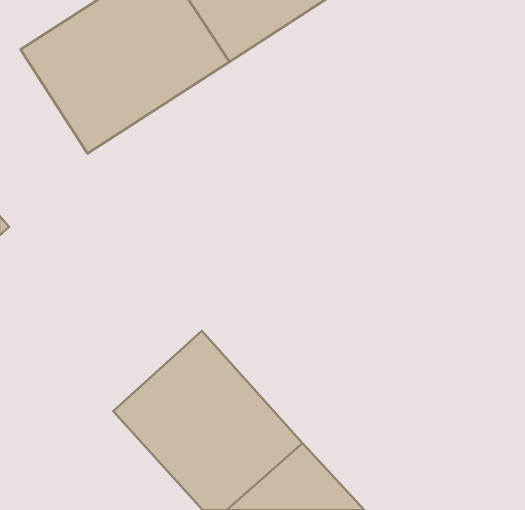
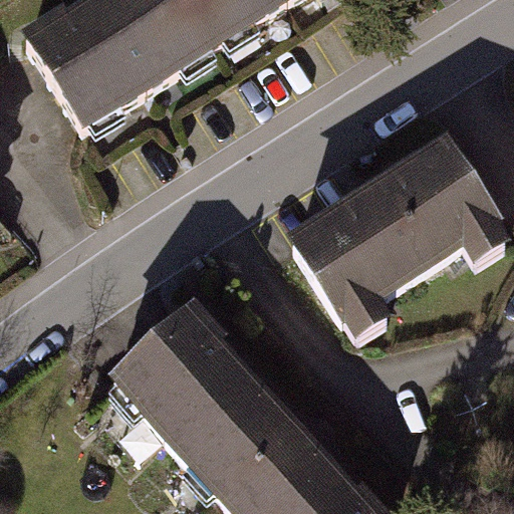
building: none -> [290,139,507,331]

